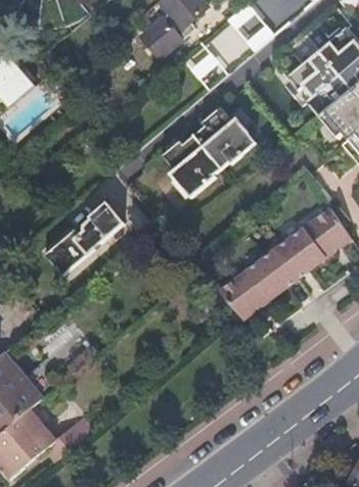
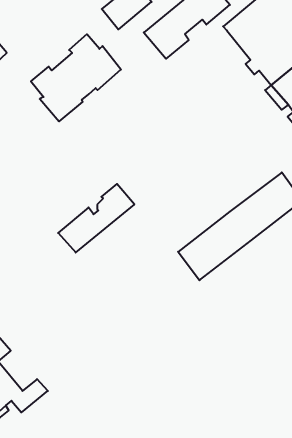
building: [160,105,254,196] -> [31,34,121,121]
building: [43,201,123,273] -> [58,184,134,253]

